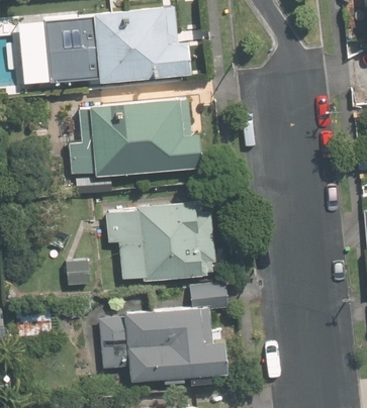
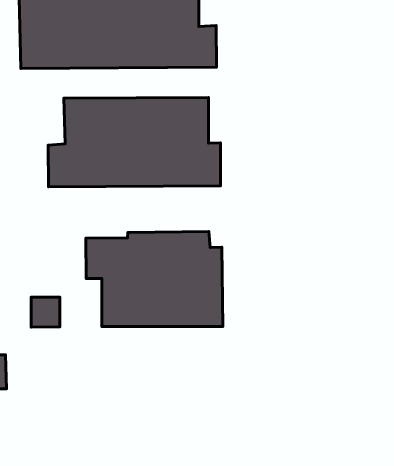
building: [96,287,230,381] -> none

